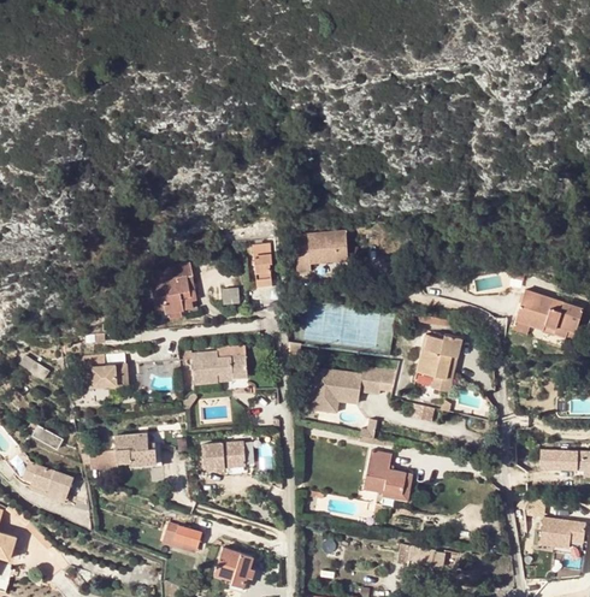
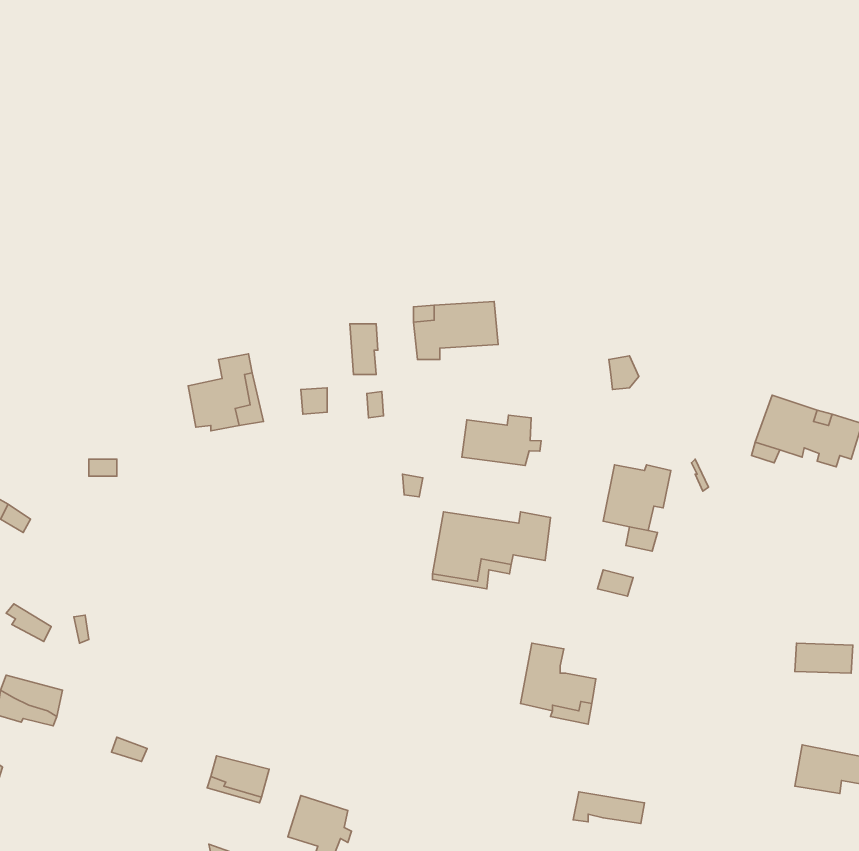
building: none -> [462,415,541,465]
building: [79,355,128,385] -> none
building: [193,355,249,388] -> none
building: [114,433,157,467] -> none
building: [205,442,249,469] -> none

